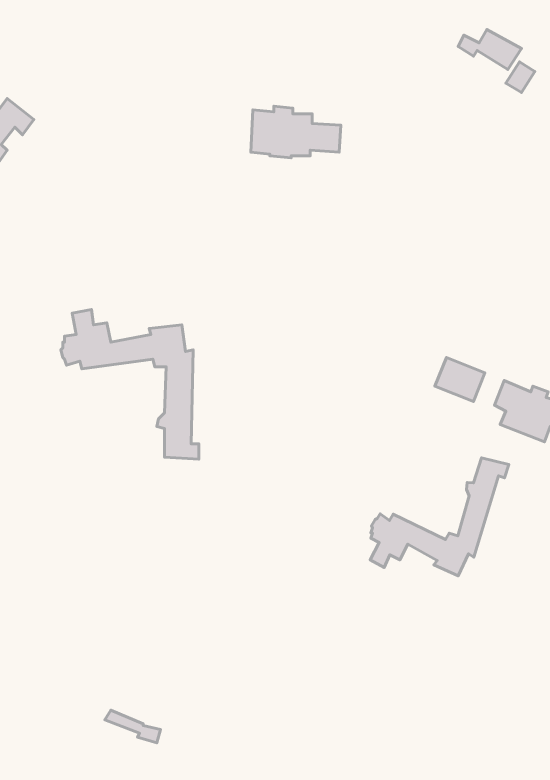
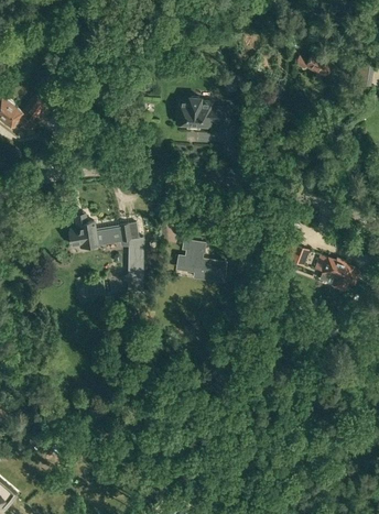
building: none -> [177,242,227,281]
building: [370,458,509,576] -> none

